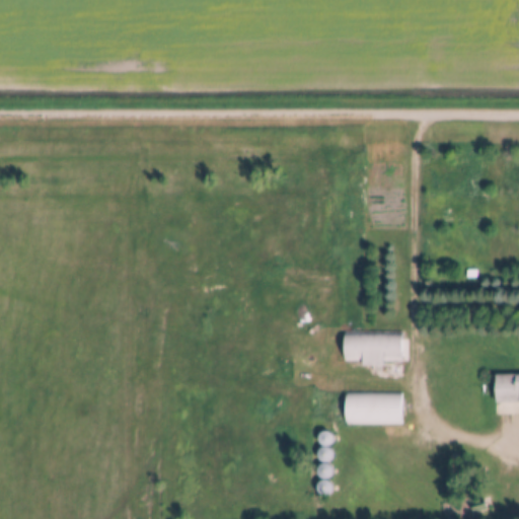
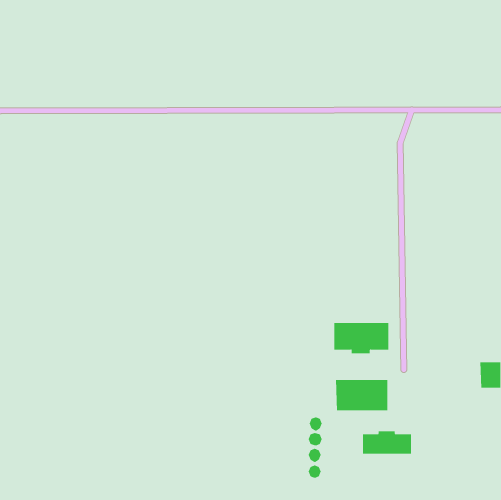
building: none -> [363,430,412,455]

